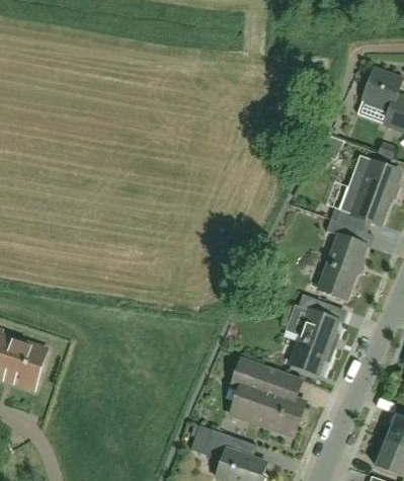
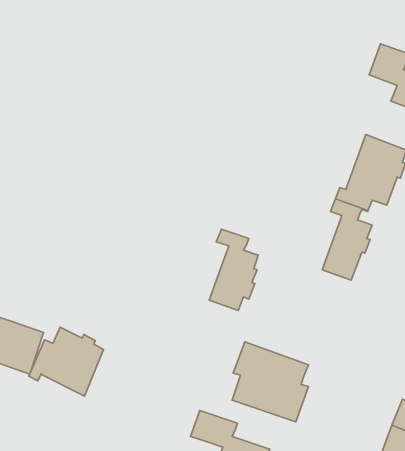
building: [290,295,337,374] -> [209,229,258,311]
building: none -> [29,327,103,396]

